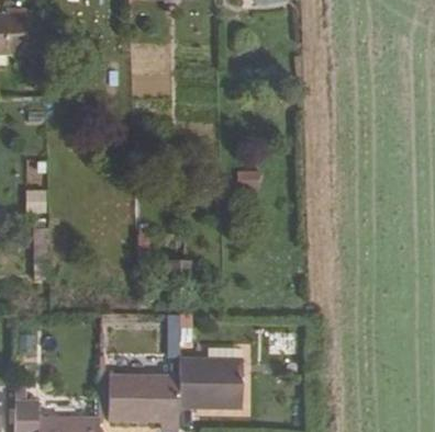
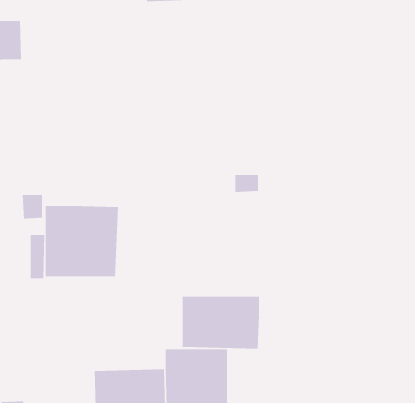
building: none -> [45,205,118,277]
building: none -> [182,296,259,350]

